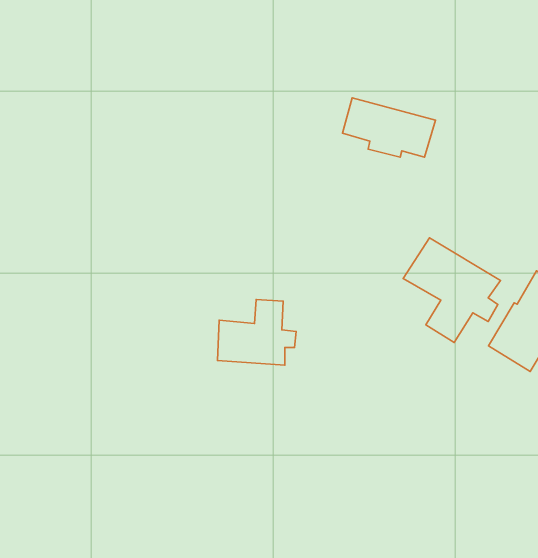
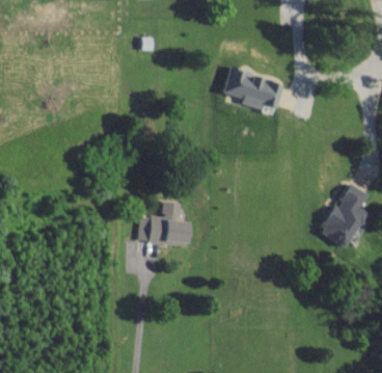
building: [403,238,500,342] -> none

